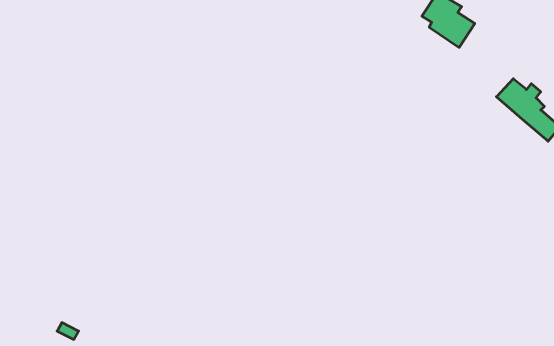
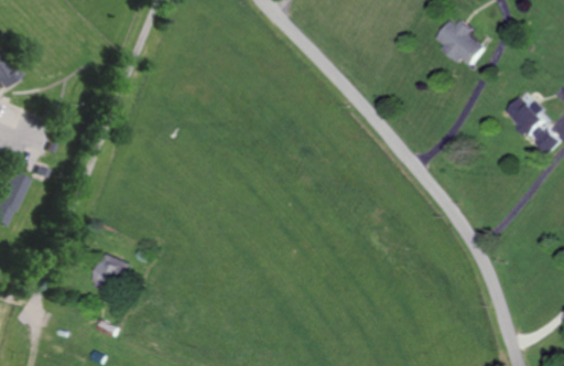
building: none -> [95,252,129,290]

